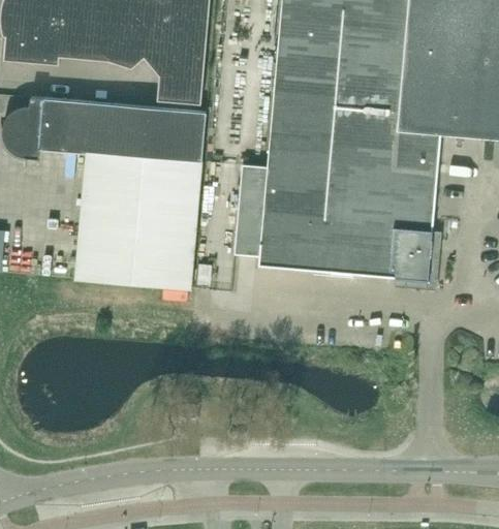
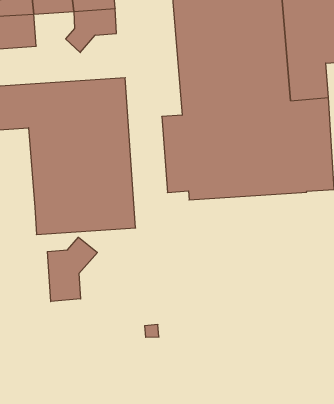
building: [110,23,159,67] -> none
building: [157,58,205,103] -> none
building: none -> [47,237,97,302]

